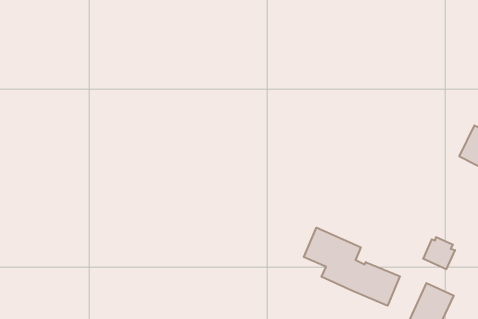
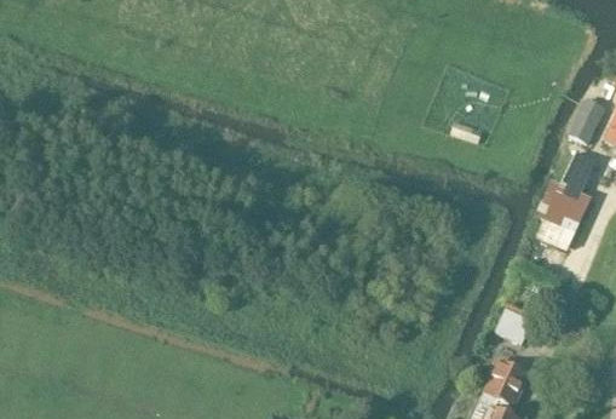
building: [304,228,400,306] -> none

